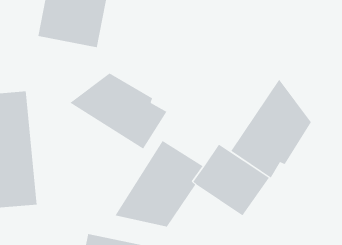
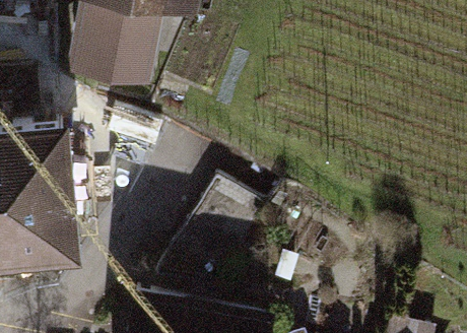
building: [69,73,167,149] -> none
building: [230,79,311,179] -> none

